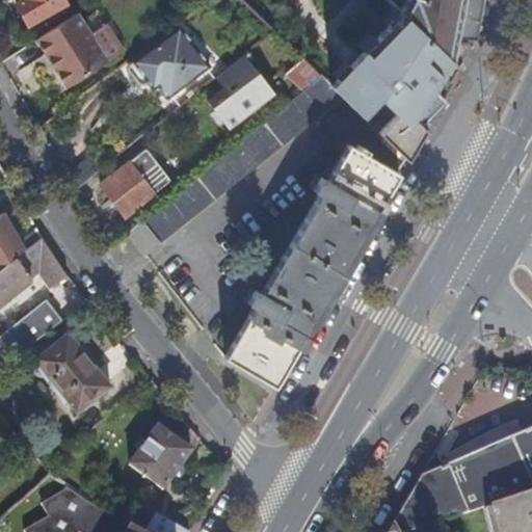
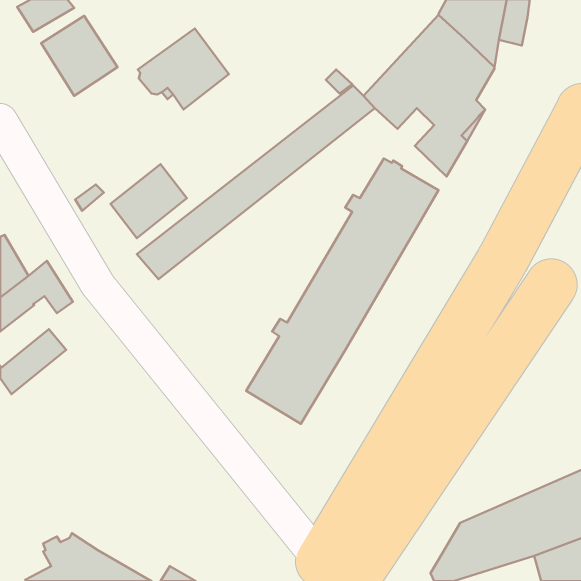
building: [209,56,276,131] -> none
building: [35,335,111,414] -> none
building: [131,428,191,489] -> none

